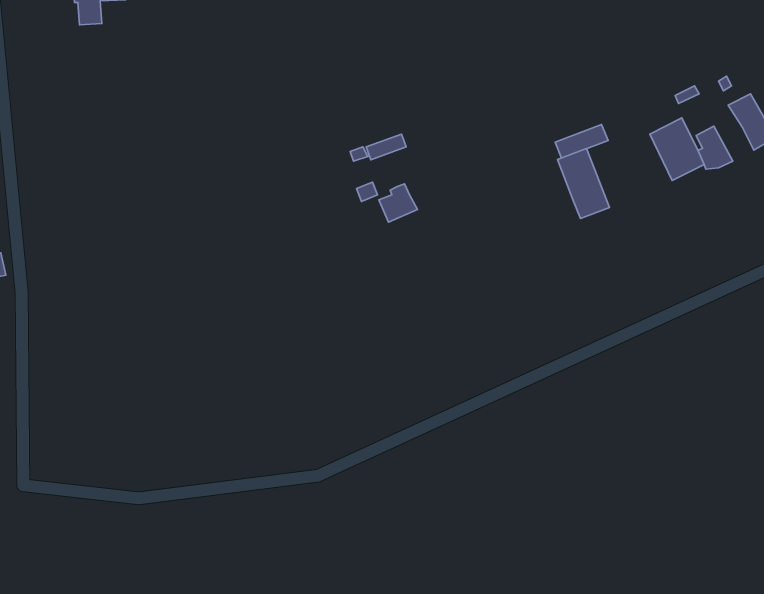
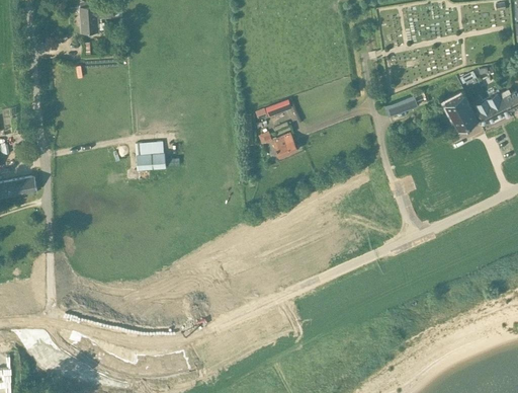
building: none -> [484,90,509,119]
building: [558,149,609,218] -> none
building: none -> [135,141,165,170]

